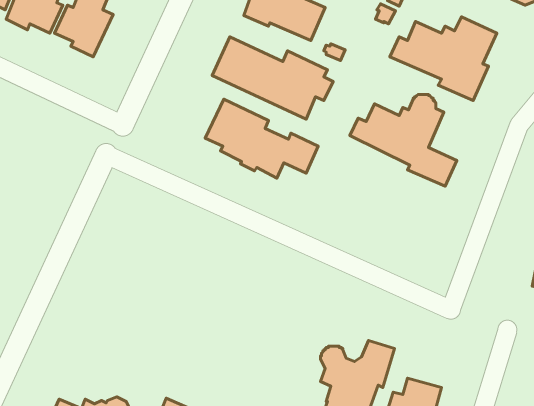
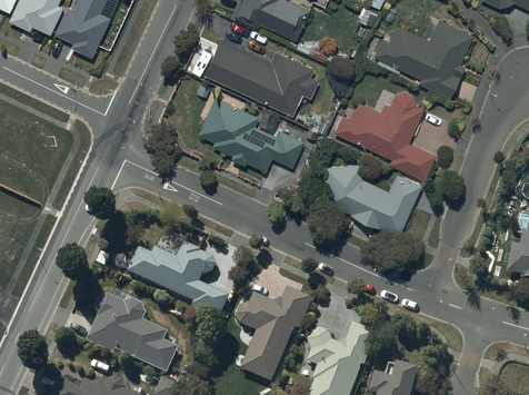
building: none -> [322,159,419,231]
building: none -> [128,244,229,322]
building: none -> [236,286,312,381]
building: none -> [87,296,179,374]

